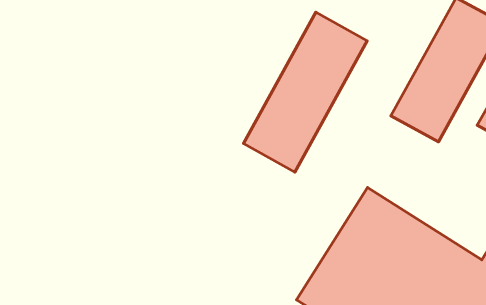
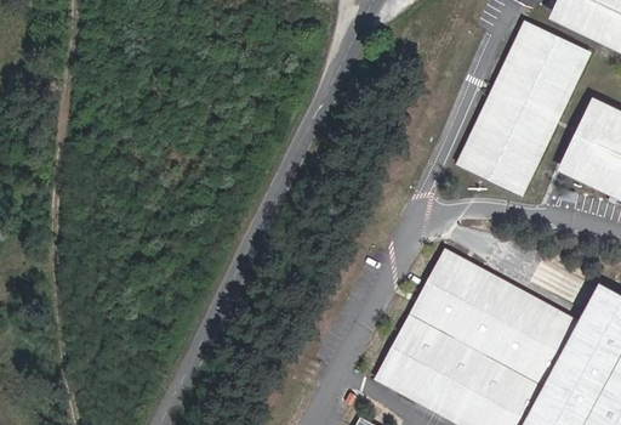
building: [243,12,367,172] -> none

